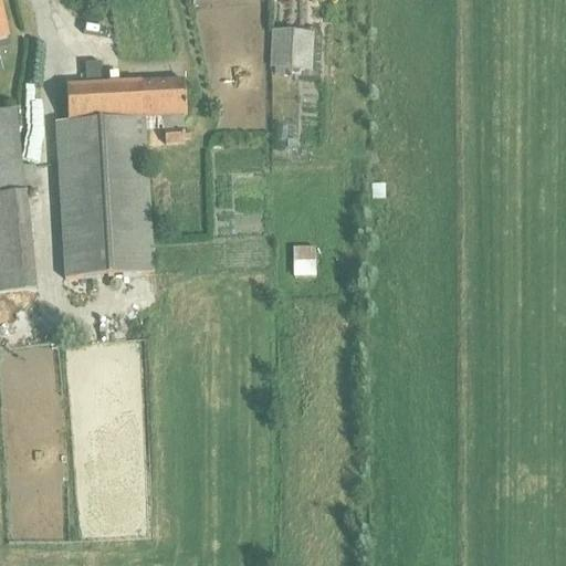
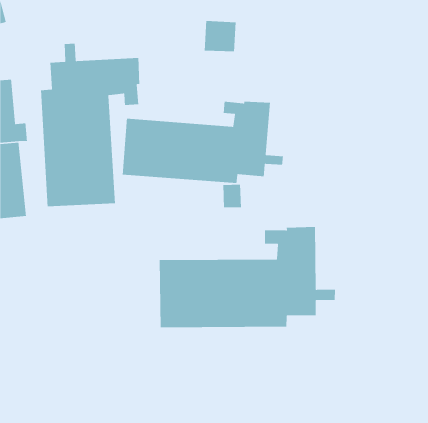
building: none -> [122,101,284,184]
building: none -> [159,226,336,328]

